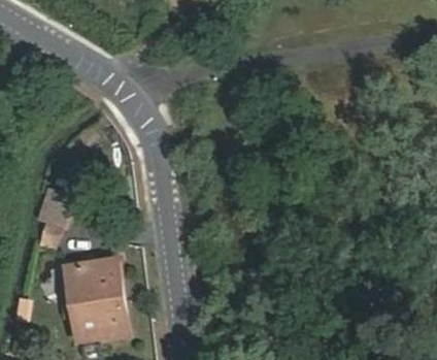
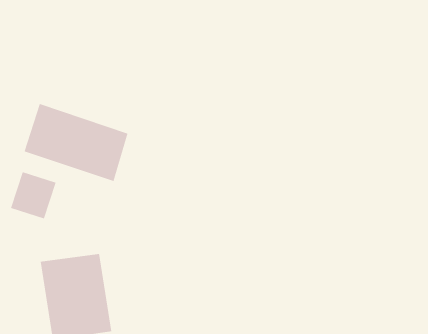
building: none -> [24,103,128,182]

